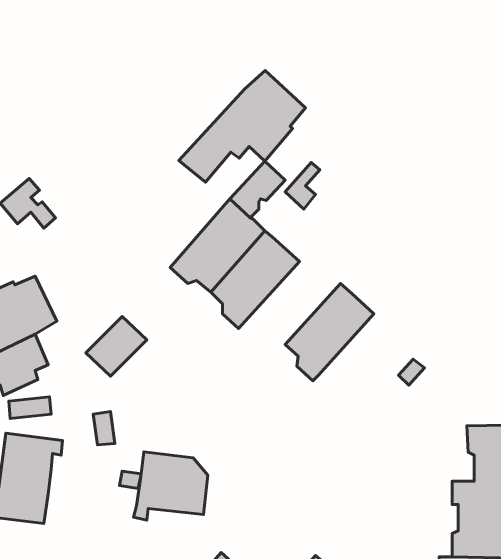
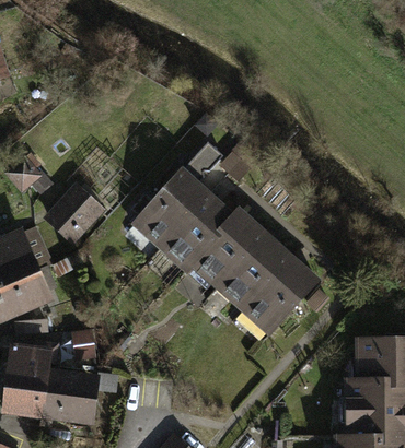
building: [179,71,305,182] -> none
building: none -> [186,211,265,290]
building: none -> [248,257,316,331]
building: [86,316,147,376] -> [51,191,97,236]
building: [134,452,208,520] -> [39,374,95,425]

